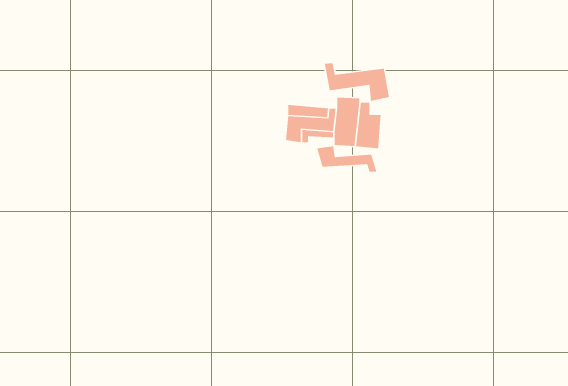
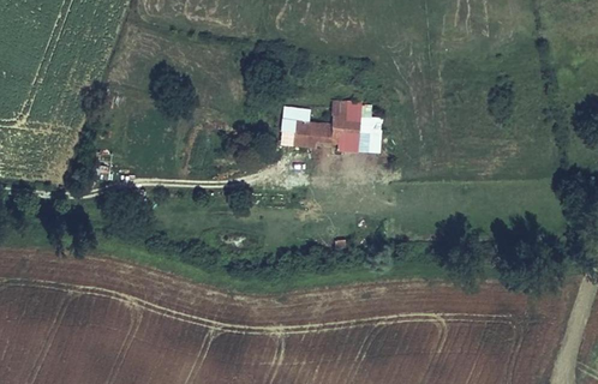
building: [324,62,390,102] -> none
building: [316,146,377,173] -> none

